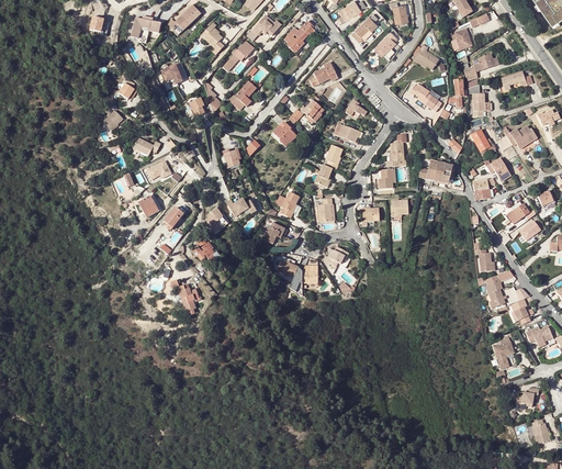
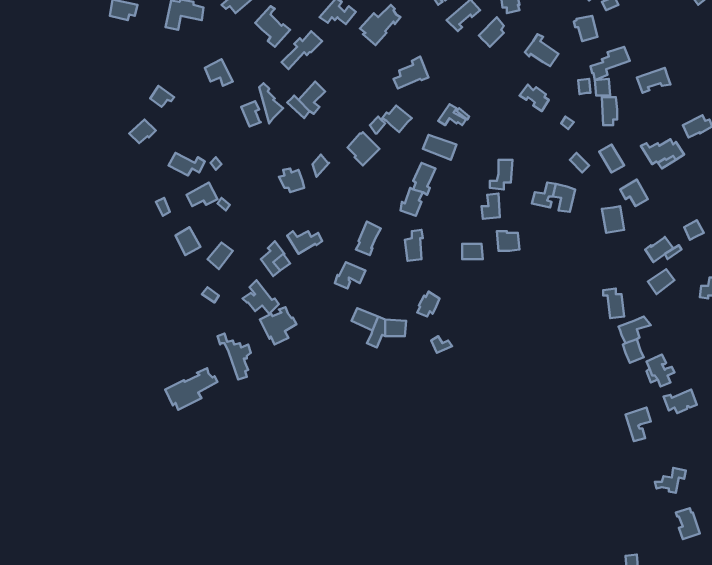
building: none -> [260,307,296,345]
building: none -> [165,368,218,410]

